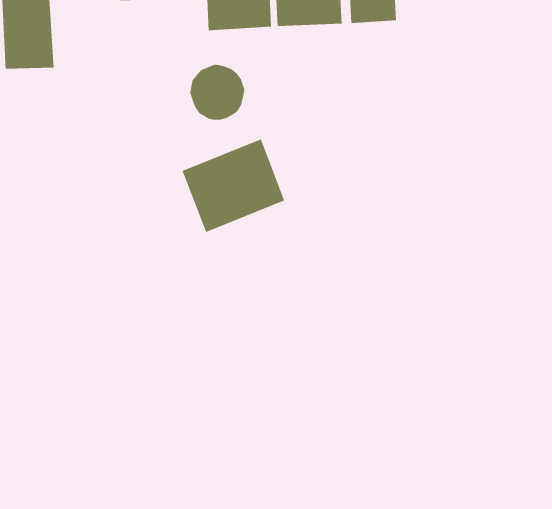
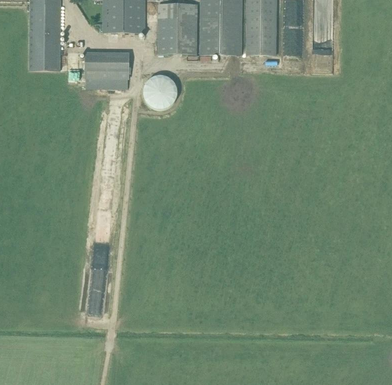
building: none -> [86,53,128,89]
building: [182,138,285,233] -> none

